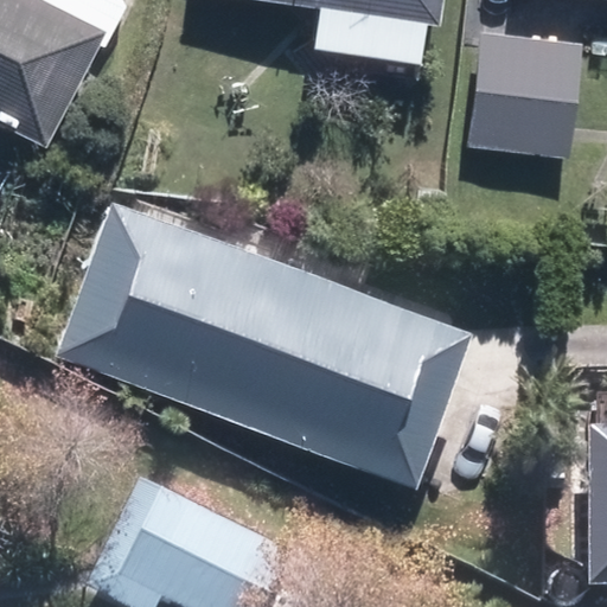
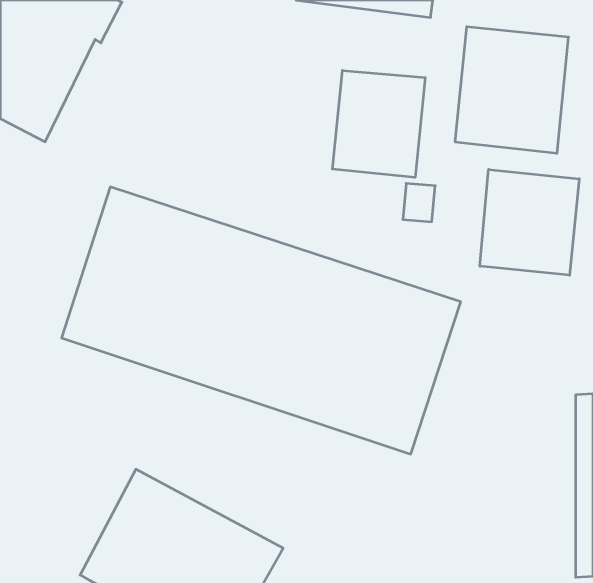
building: none -> [332,70,425,177]
building: none -> [480,169,579,275]

